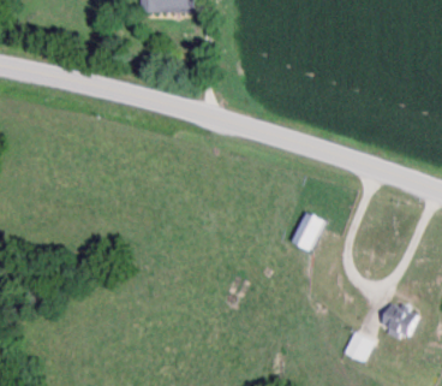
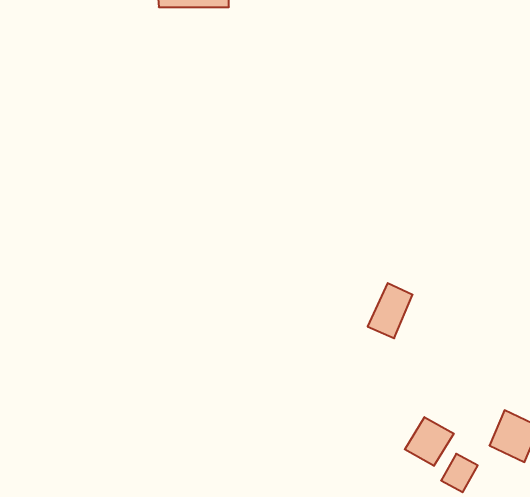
building: none -> [405,417,454,466]

